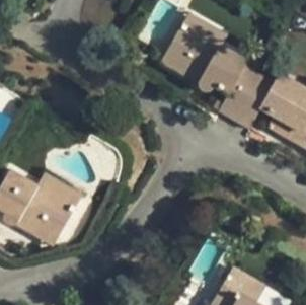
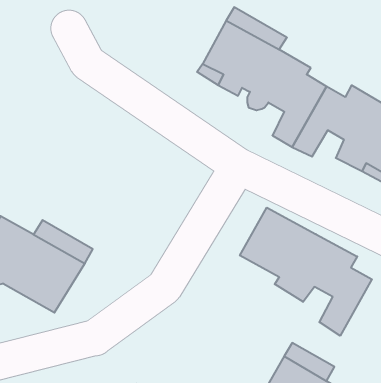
building: none -> [240,208,372,336]

